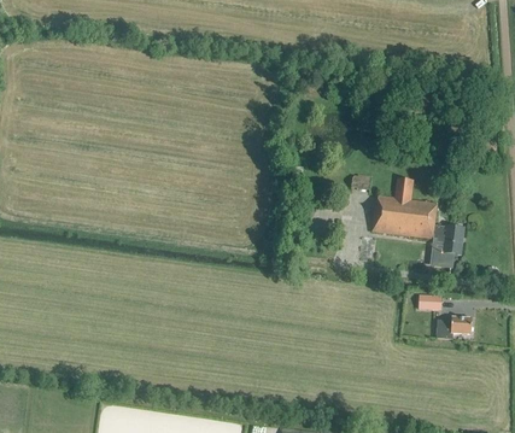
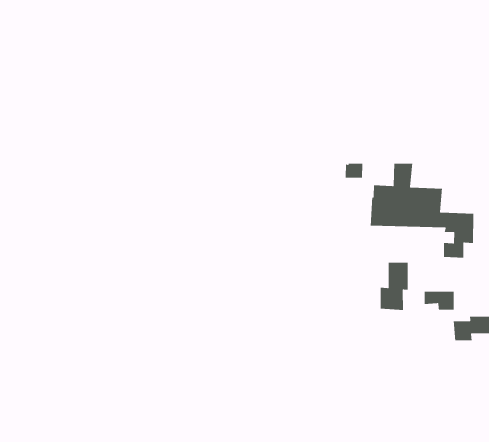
building: none -> [380,262,409,311]

